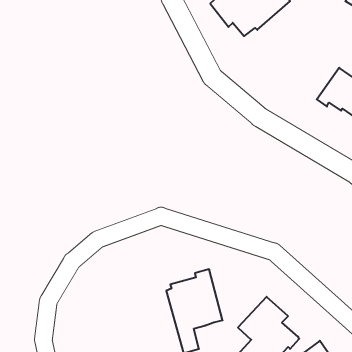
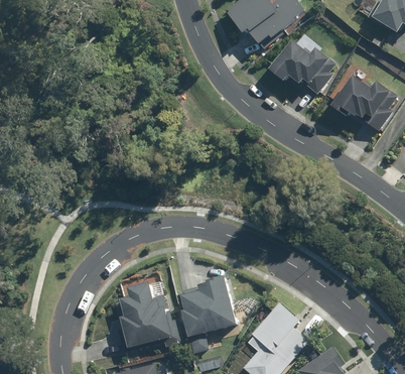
building: none -> [266,40,334,92]
building: none -> [122,282,181,349]

